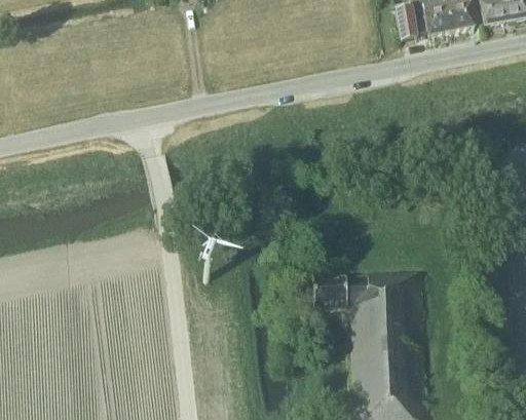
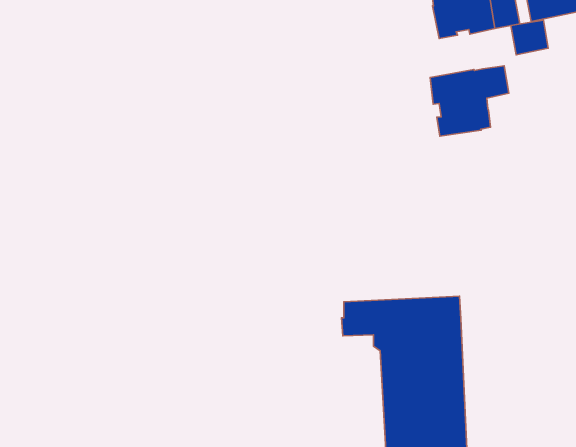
building: none -> [511,20,548,55]
building: none -> [430,66,509,136]

